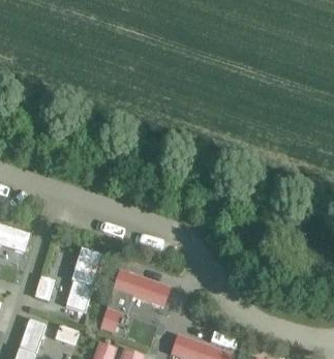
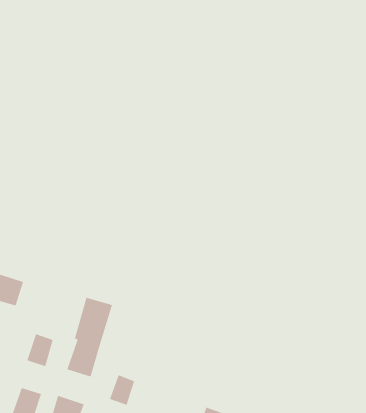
building: [113,269,171,307] -> none

